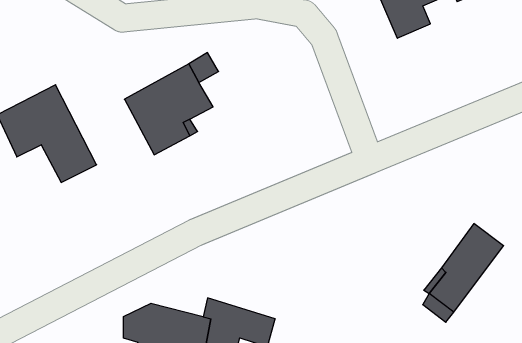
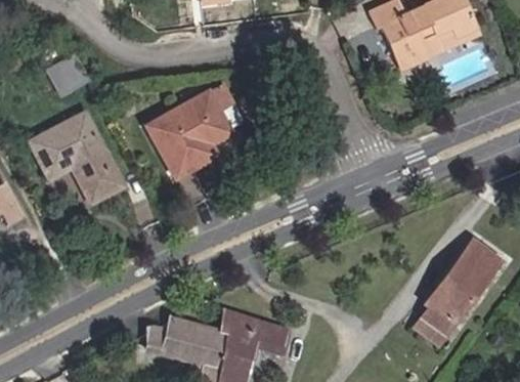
building: none -> [50,56,89,94]

